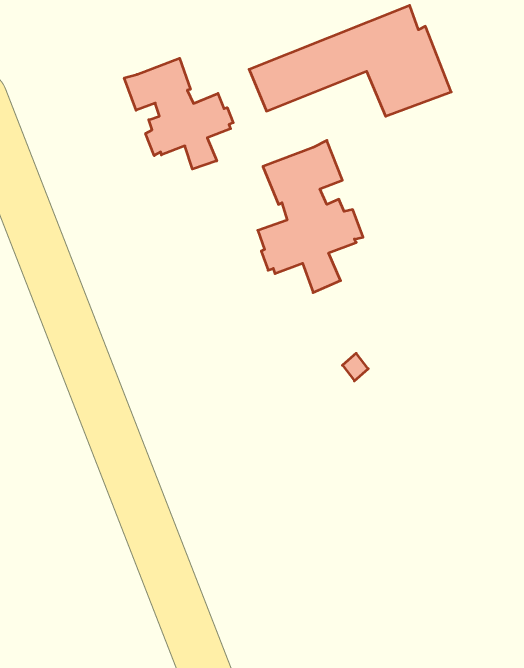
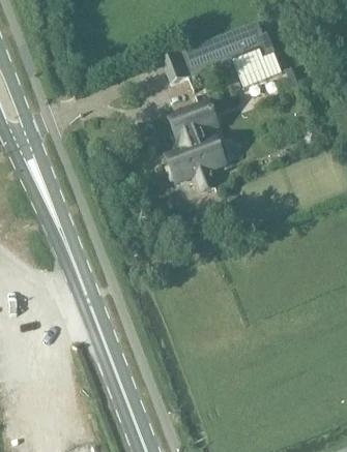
building: [124,58,233,169] -> none

